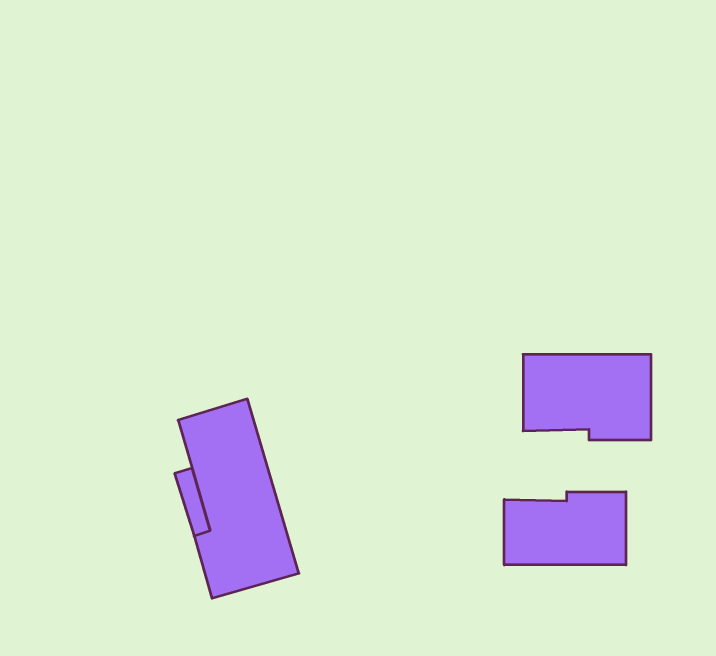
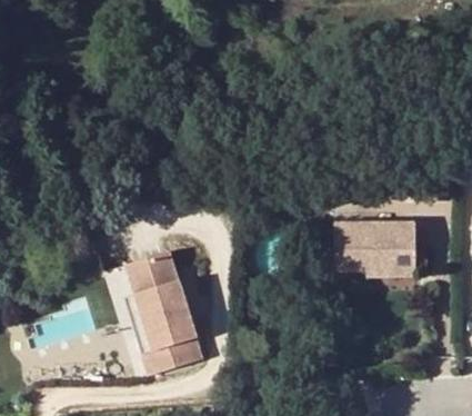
building: [504,492,626,565] -> none

